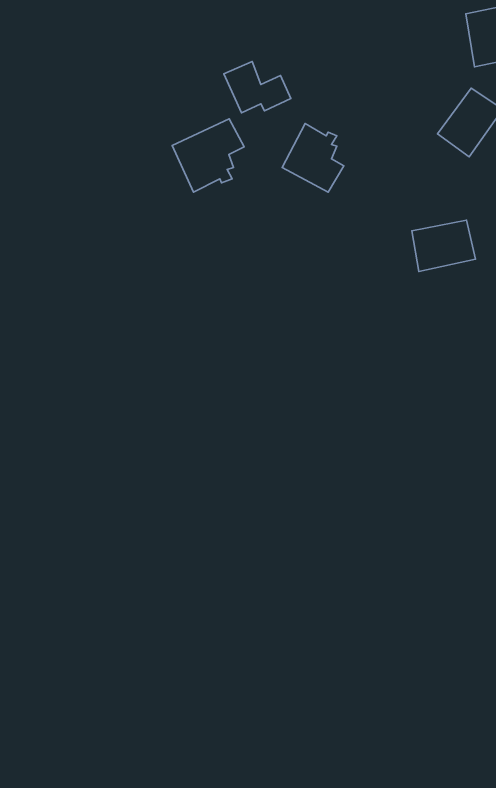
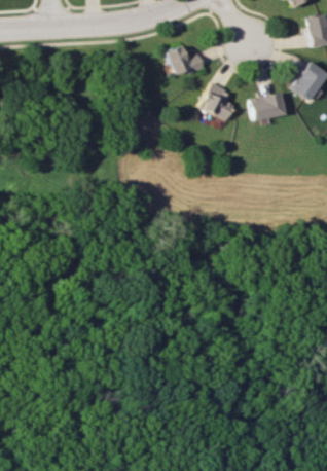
building: [172,119,244,192] -> none
building: [412,220,475,272] -> [249,92,286,121]

